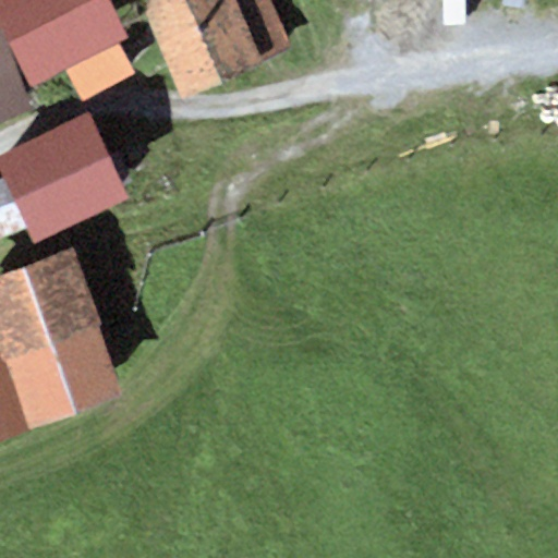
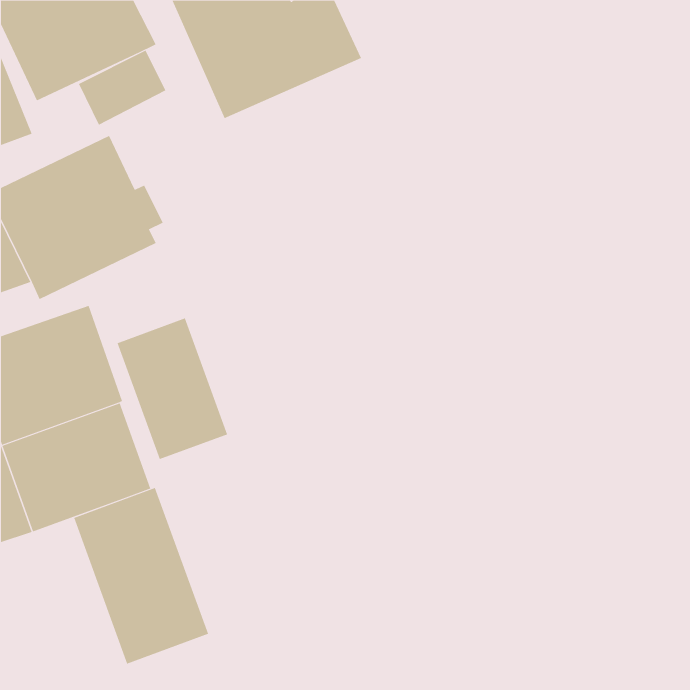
building: none -> [117,317,228,460]
building: none -> [73,487,209,664]

